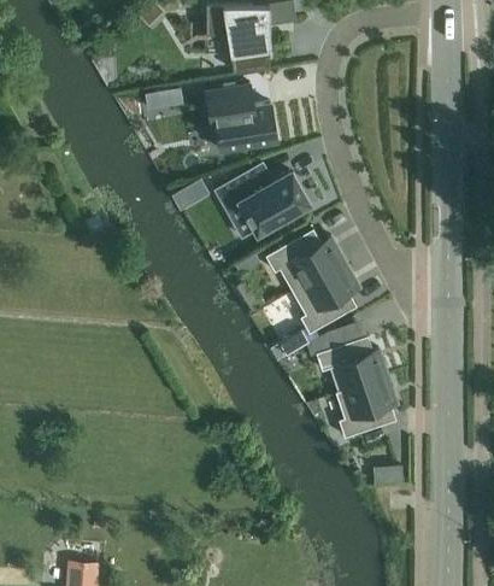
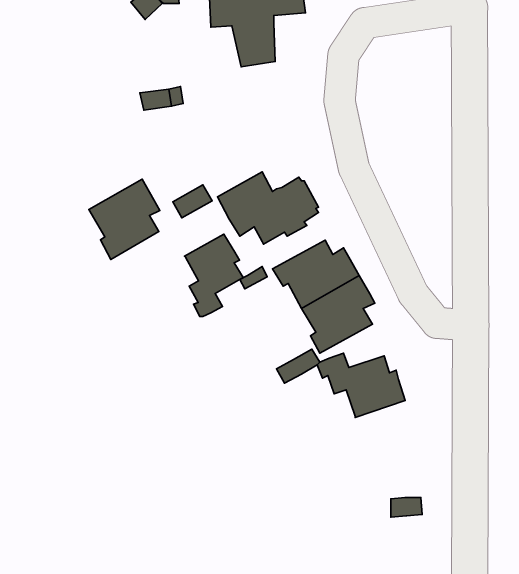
building: [204,83,278,152] -> none
building: none -> [89,179,160,260]
building: none -> [184,234,243,316]
building: [335,376,396,438] -> none

